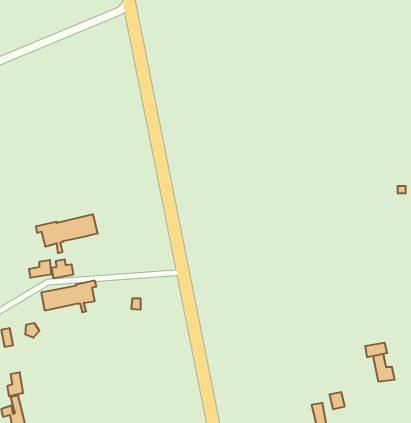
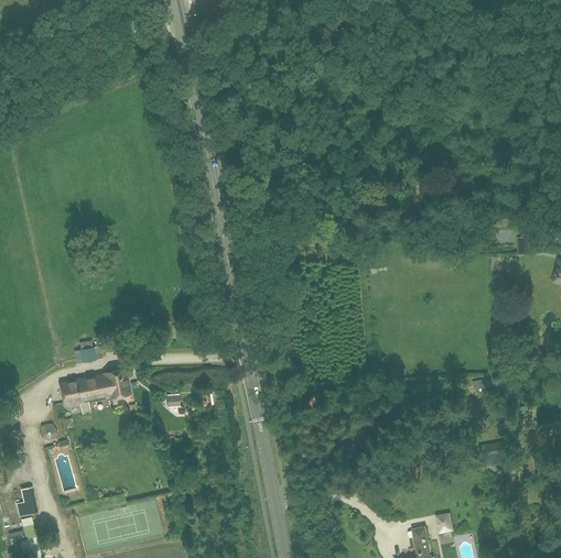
building: [36,214,98,253] -> none
building: [29,260,51,278] -> none
building: [373,354,395,382] -> none

